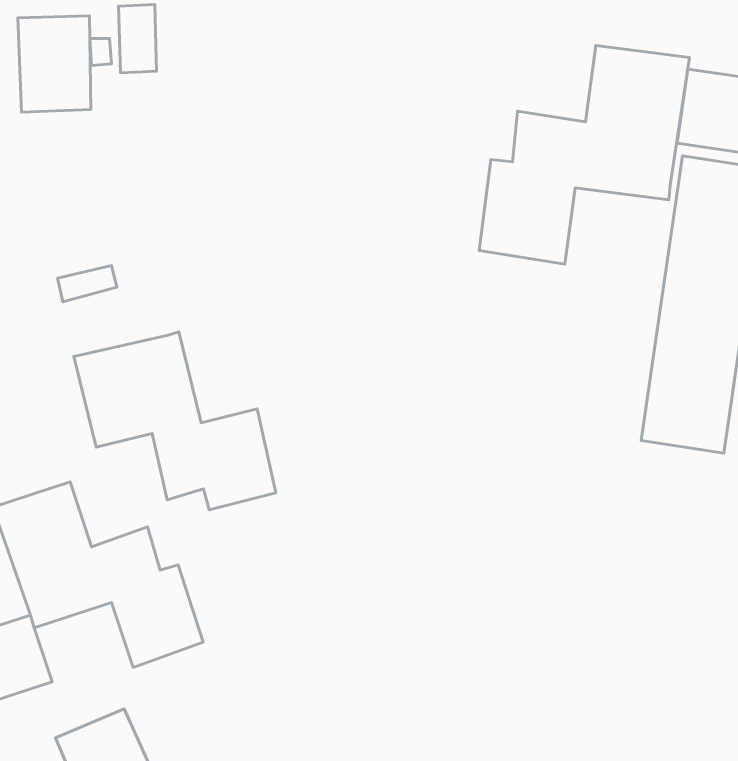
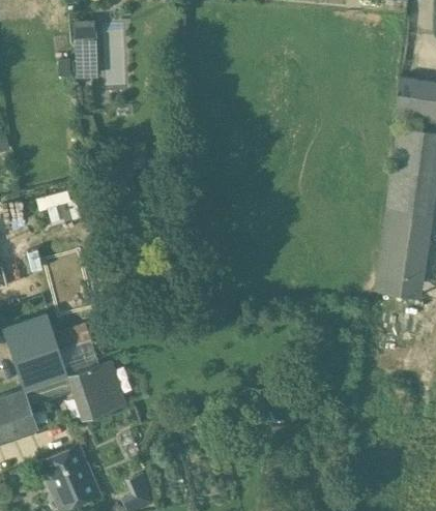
building: [18,16,91,112] -> none
building: [479,45,690,264] -> none
building: [74,332,276,510] -> none

